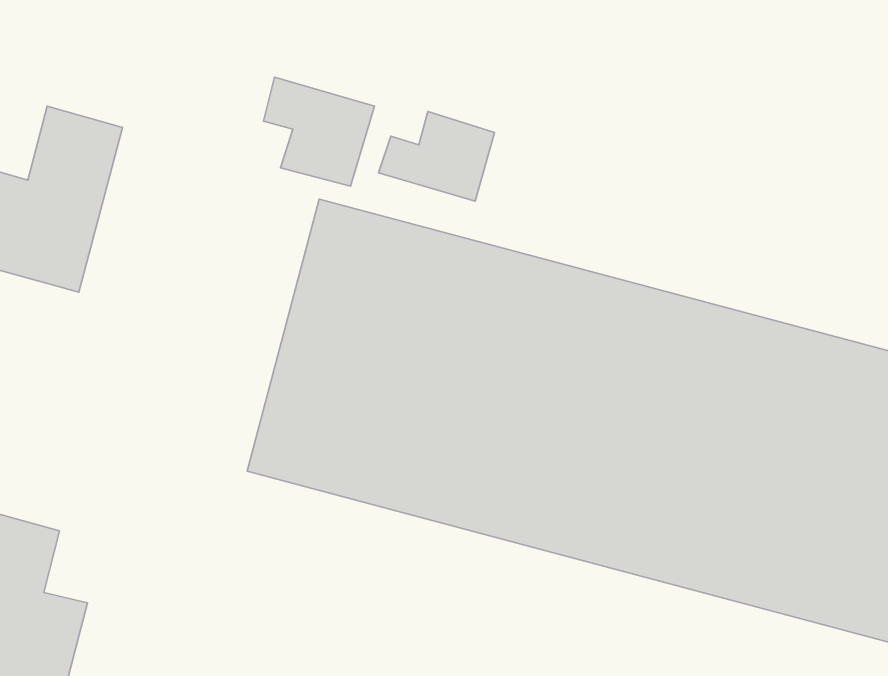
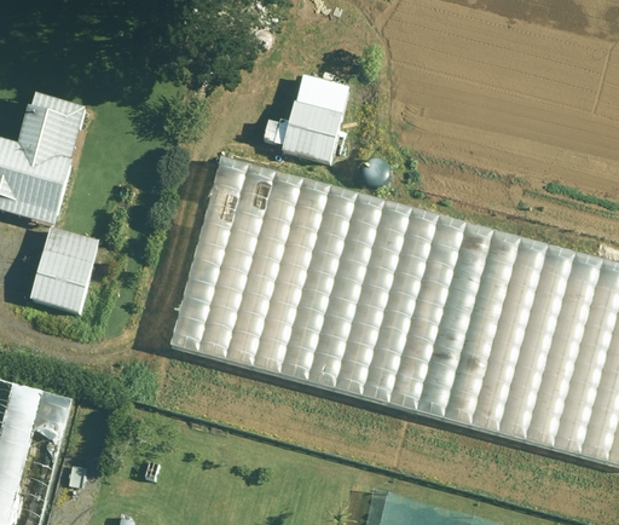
building: [263,77,374,186] -> none
building: none -> [30,227,98,311]

